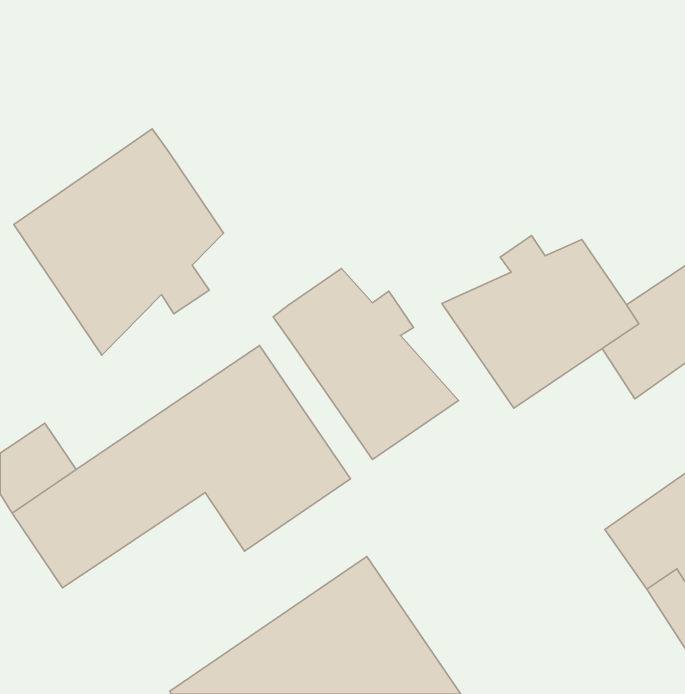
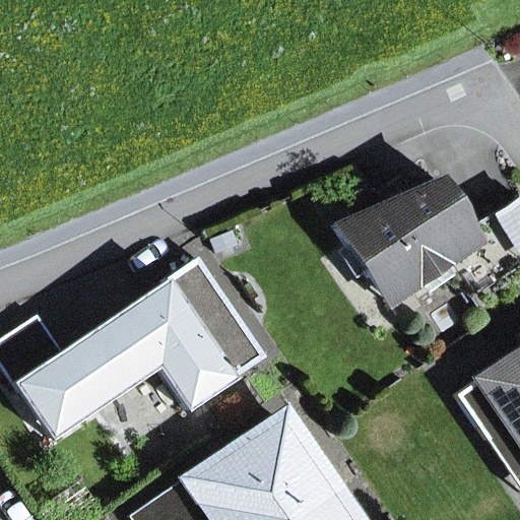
building: [14,129,223,355] -> none
building: [273,269,459,460] -> none

